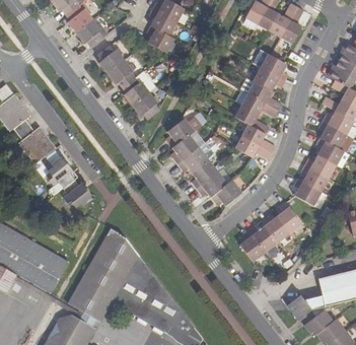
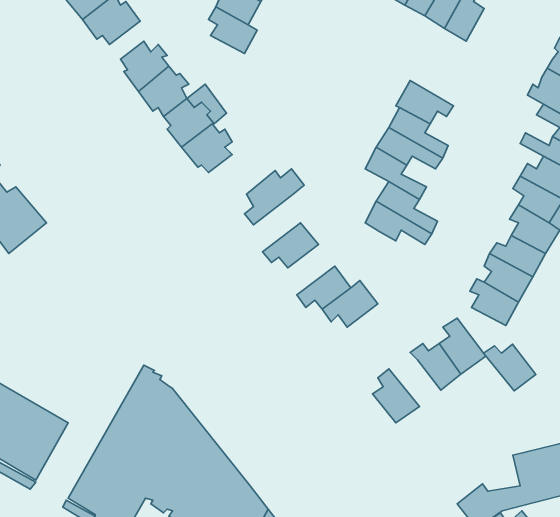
building: [261,54,288,81] -> none
building: [172,135,199,163] -> none
building: [47,157,91,207] -> none
building: [192,159,218,188] -> none
building: [248,224,278,251] -> [484,344,536,391]

